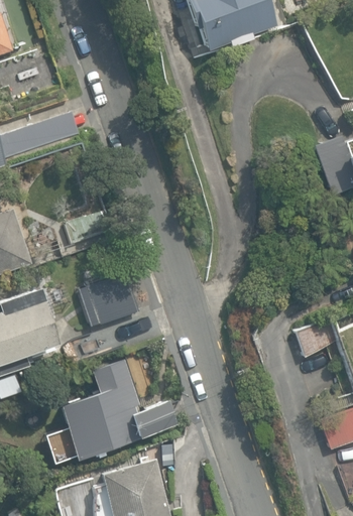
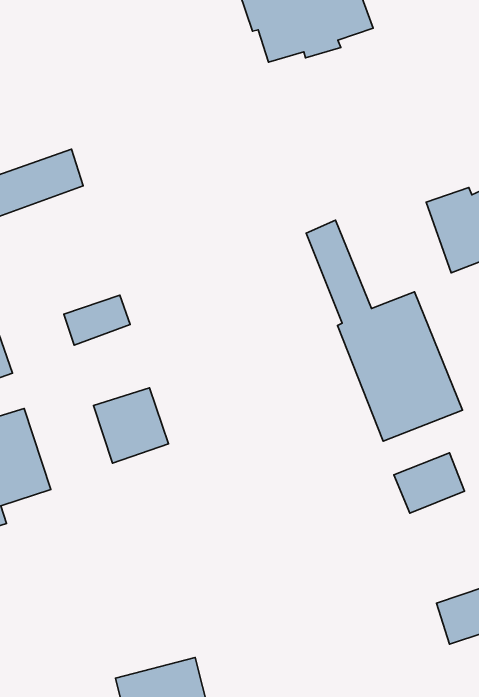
building: none -> [306,220,462,441]
building: [46,359,179,464] -> none

